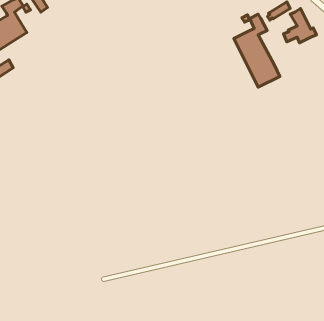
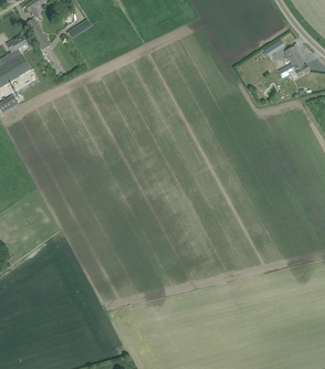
building: [234,14,280,87] -> none

